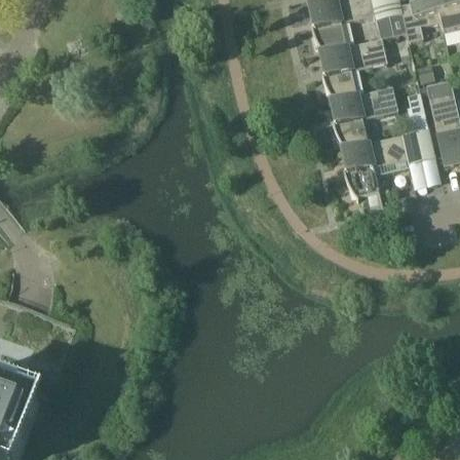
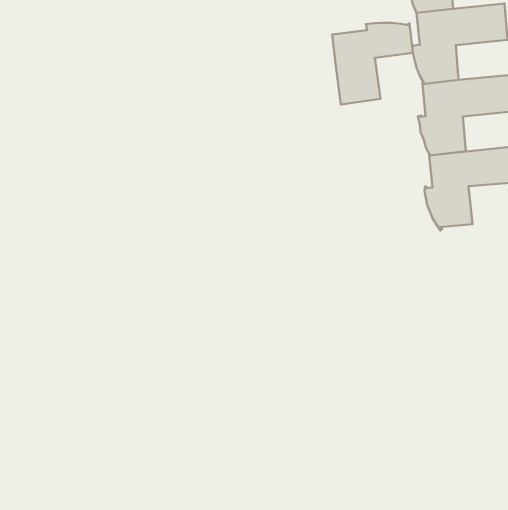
building: none -> [332,23,413,105]

